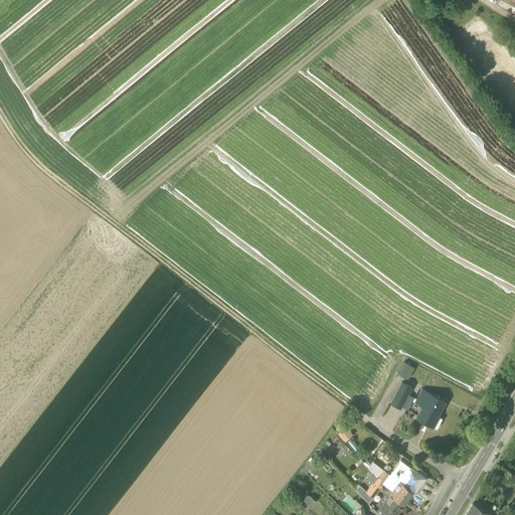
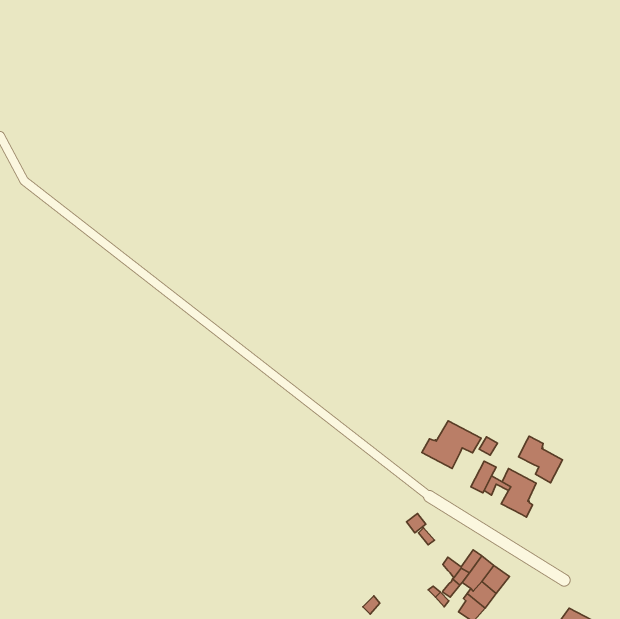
building: none -> [422,421,481,468]
building: none -> [518,436,562,483]

